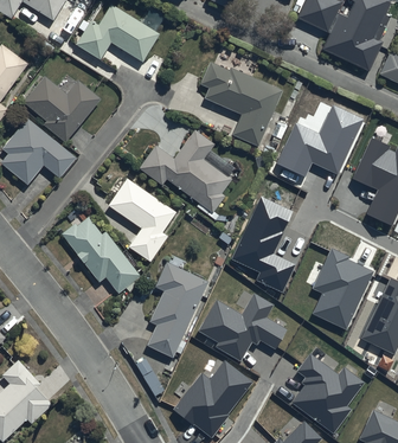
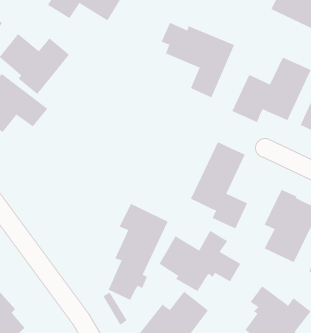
building: [139,130,231,214] -> none
building: [109,179,175,263] -> none
building: [62,217,139,294] -> none

